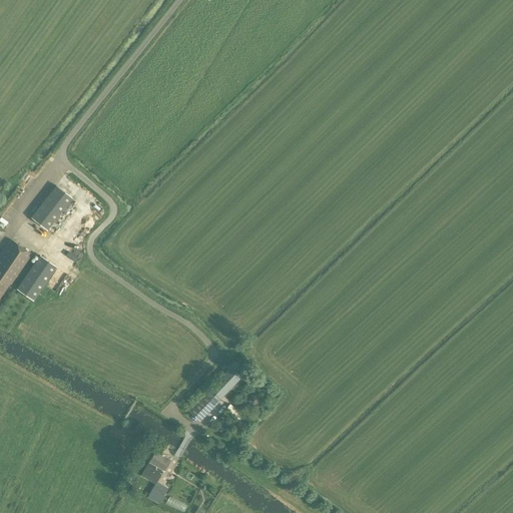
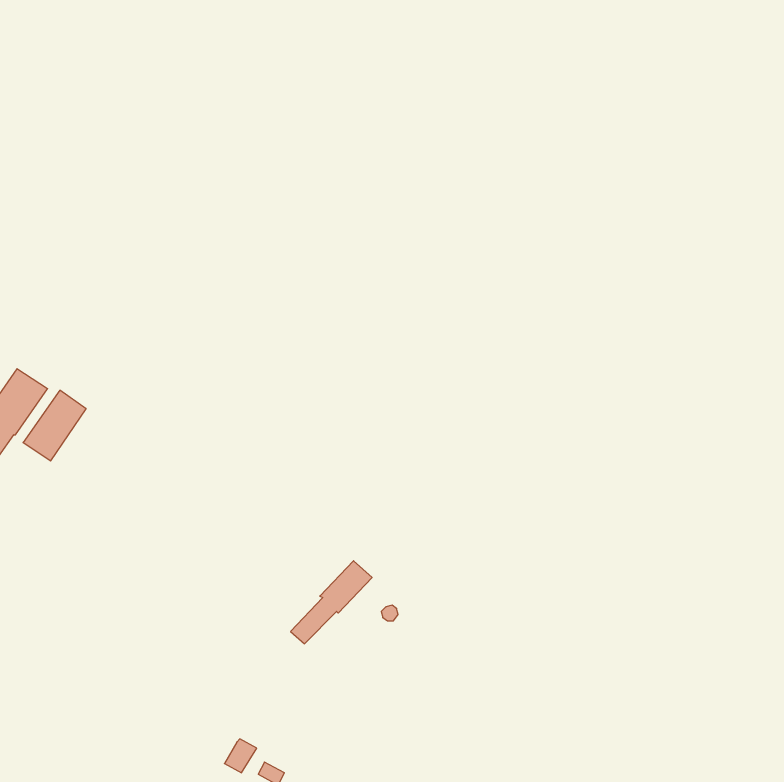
building: [30,187,72,232] -> none
building: [140,454,169,486] -> none

